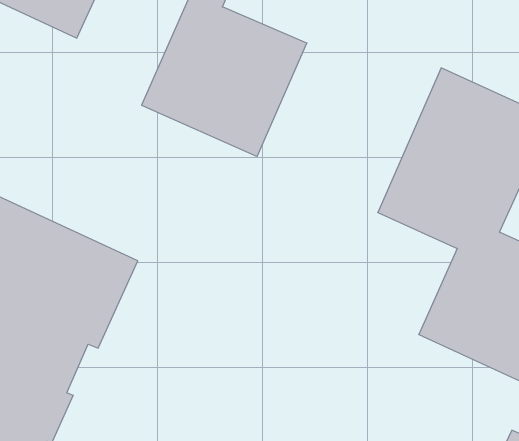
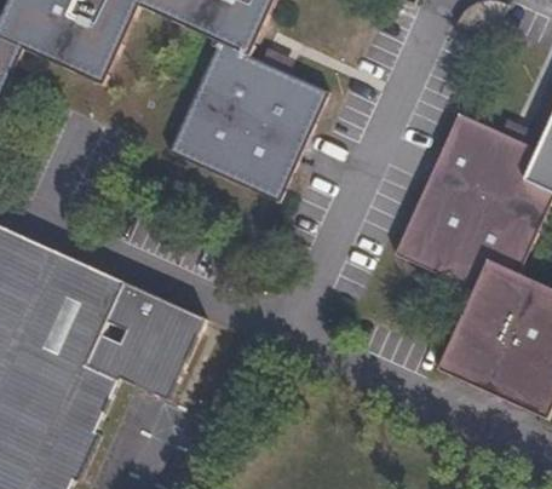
building: none -> [125,299,205,403]

